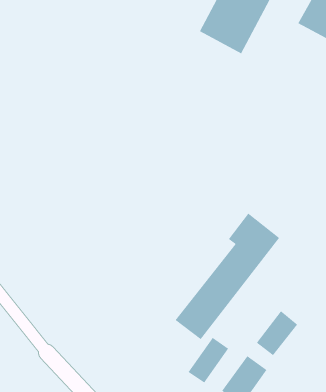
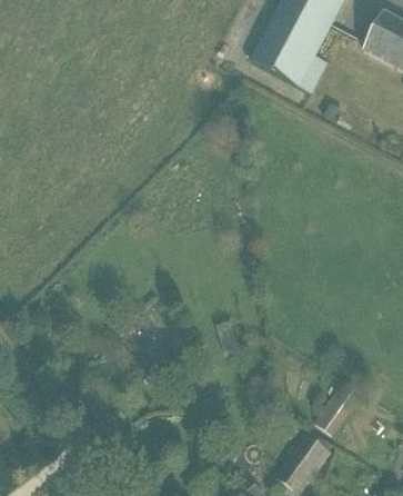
building: [175,213,280,340] -> none
building: [187,337,229,384] -> none

